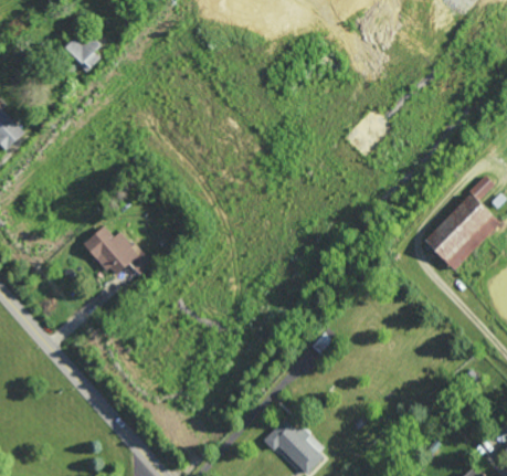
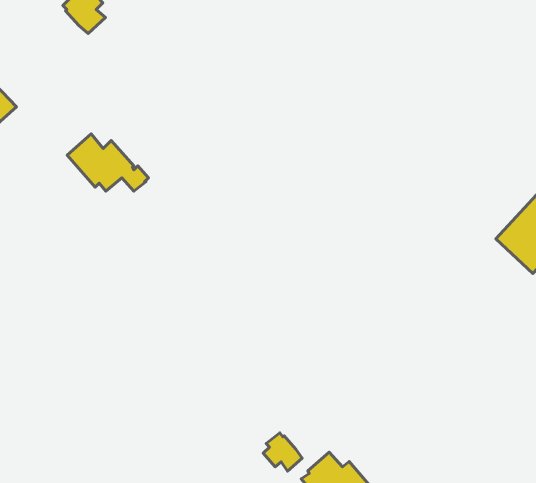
building: [83,225,150,273] -> [67,134,148,191]
building: none -> [263,433,302,471]

